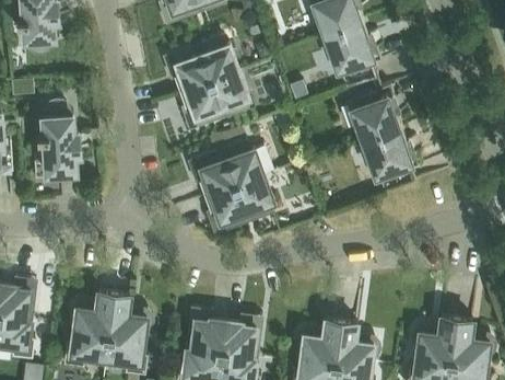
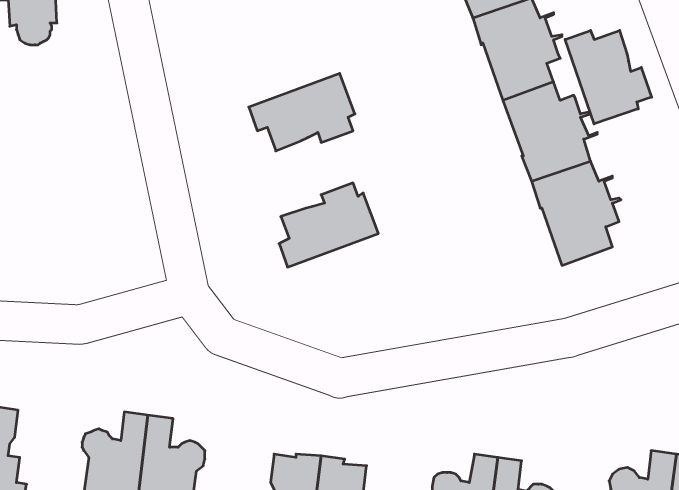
building: [173,38,237,94] -> none
building: none -> [565,30,652,124]
building: [36,103,75,174] -> none
building: [203,176,272,227] -> none

